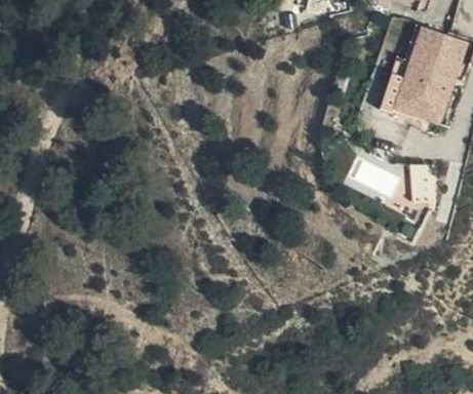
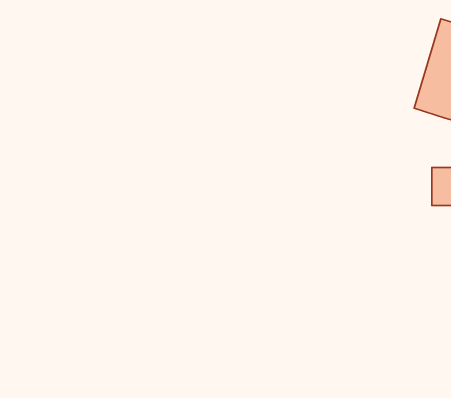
building: [381,24,426,123] -> none

